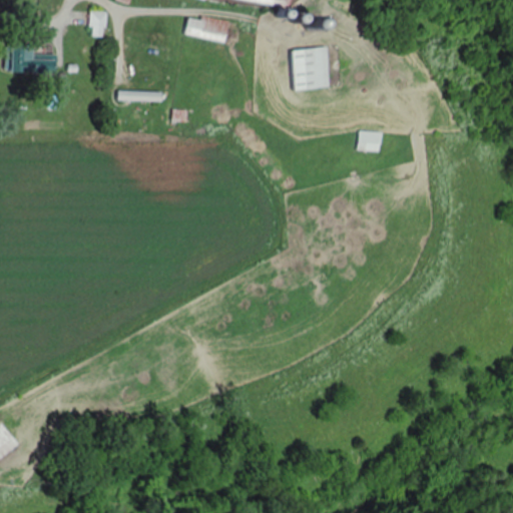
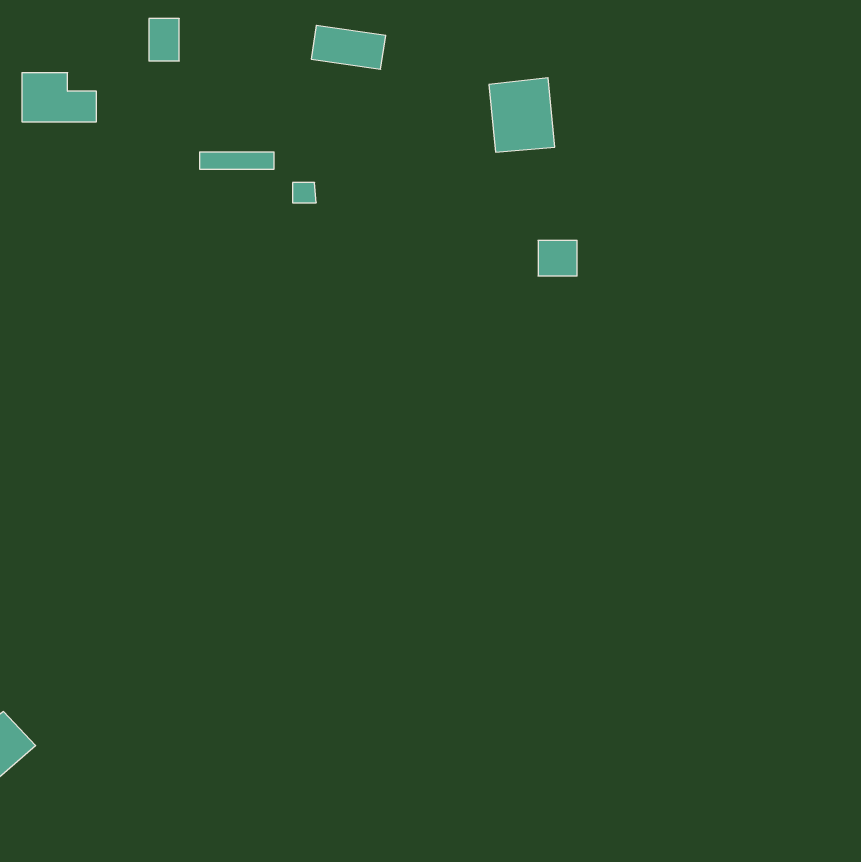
building: [357,130,380,151] -> [538,240,577,276]

